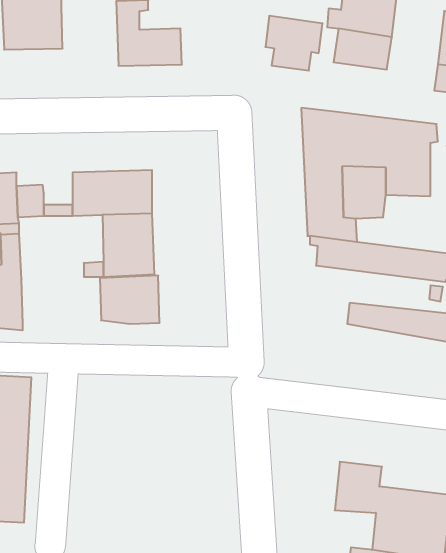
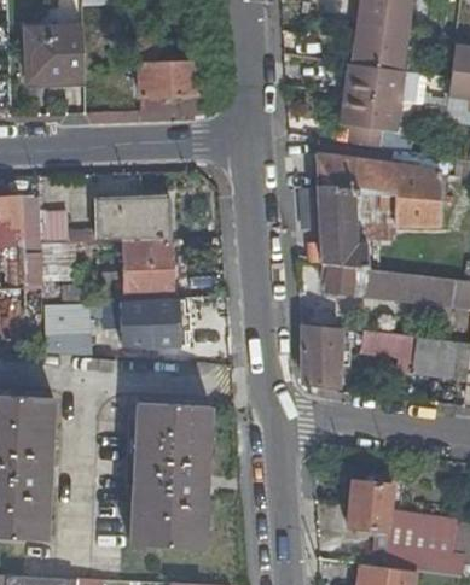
building: [265,16,323,71] -> [343,93,399,146]
building: none -> [43,302,101,357]
building: none -> [303,324,342,386]
building: none -> [130,404,210,550]

